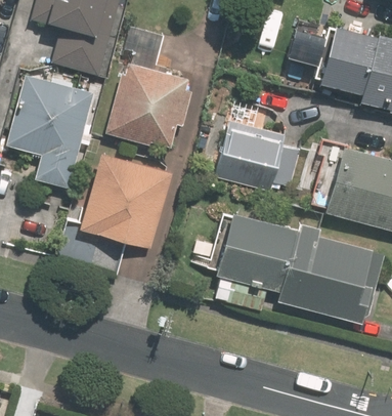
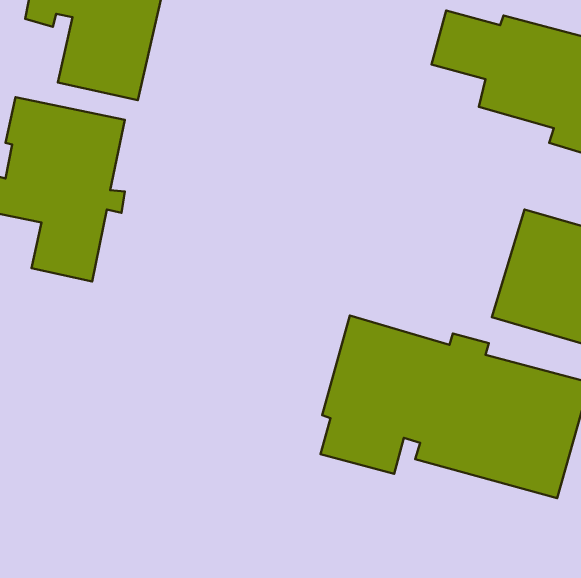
building: [105,64,191,149] -> none
building: [214,124,298,194] -> none
building: [80,151,172,249] -> none

